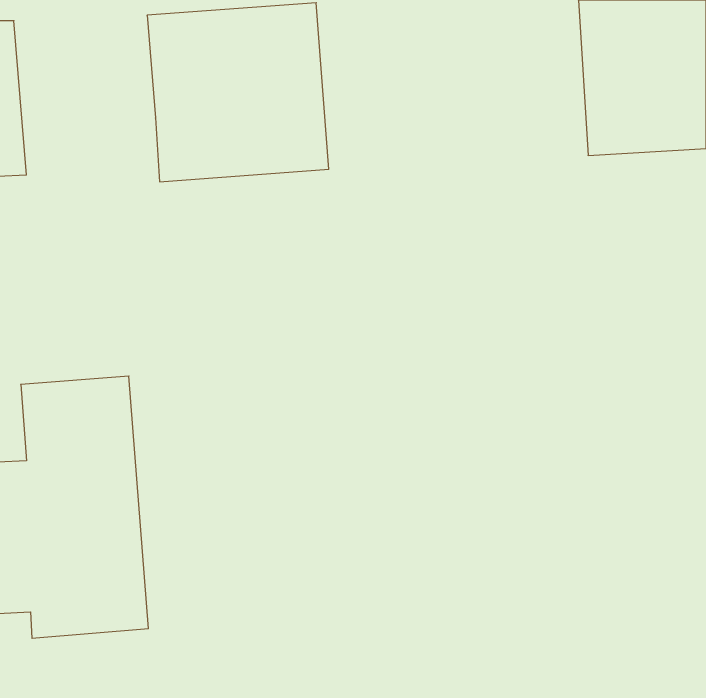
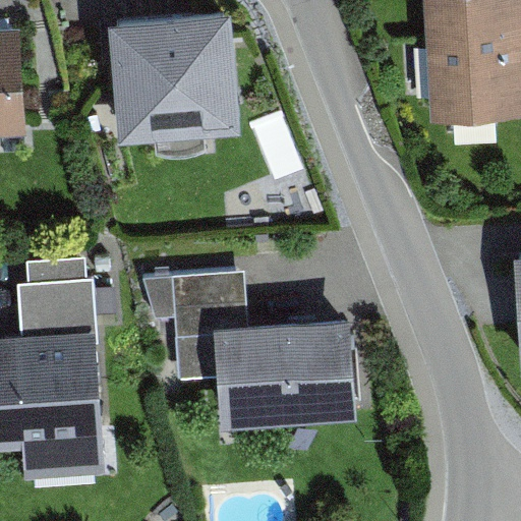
building: none -> [141,275,356,427]

